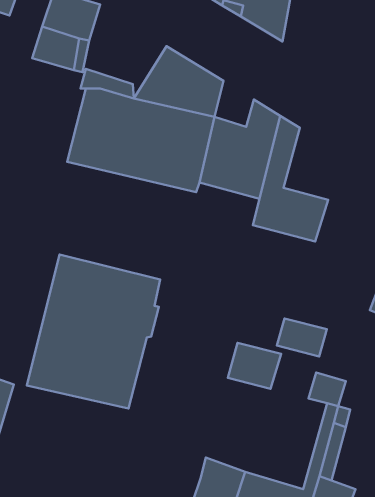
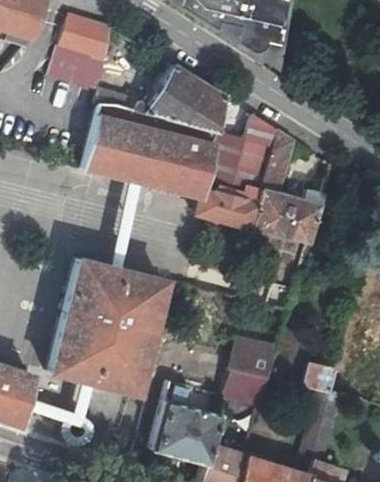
building: none -> [196,190,258,229]
building: [277,318,327,357] -> [222,369,268,404]
building: none -> [151,380,217,461]

